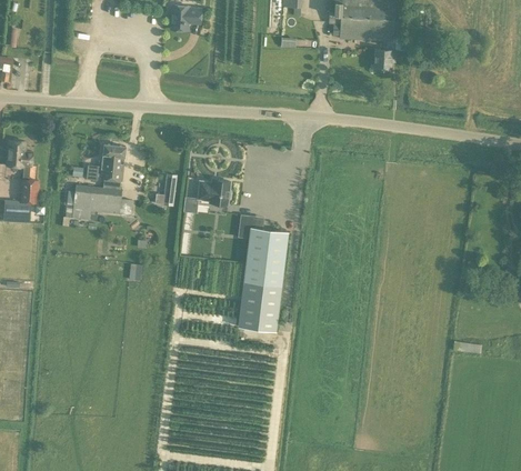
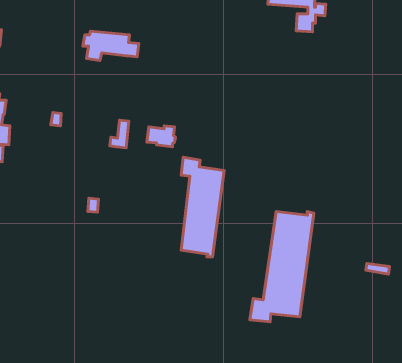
building: [99,143,124,181] -> none
building: [67,184,132,219] -> [83,31,139,60]
building: none -> [250,211,314,322]

